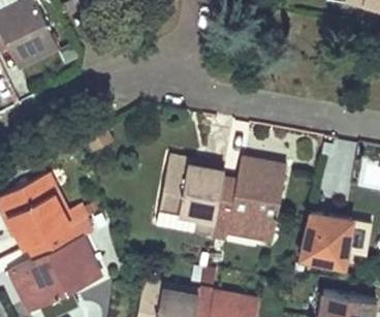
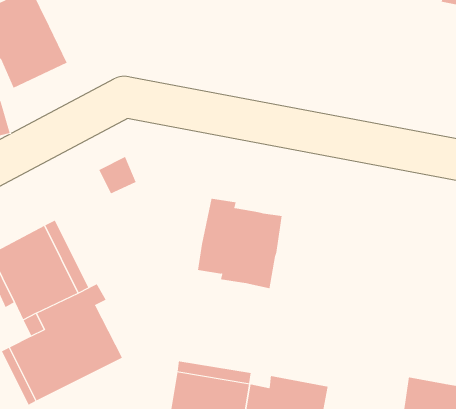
building: [212,155,287,243] -> none
building: [300,212,351,263] -> none

